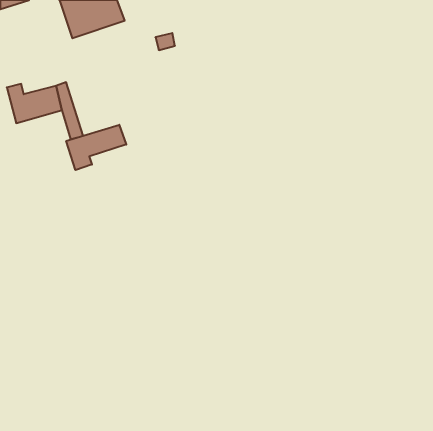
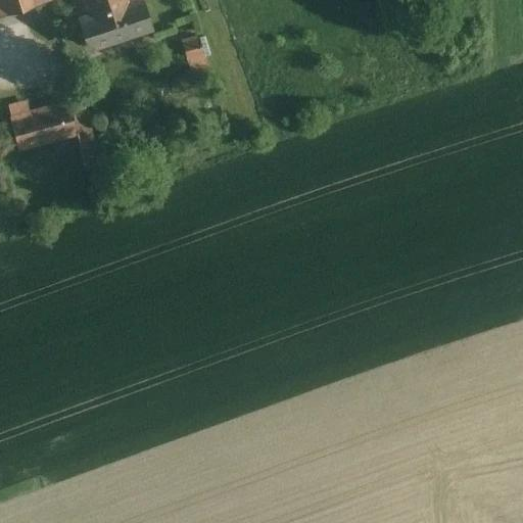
building: [66,125,126,170] -> none

